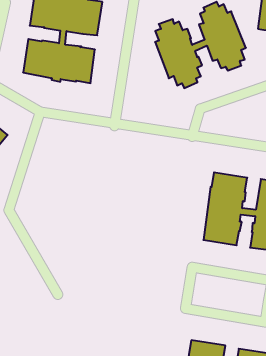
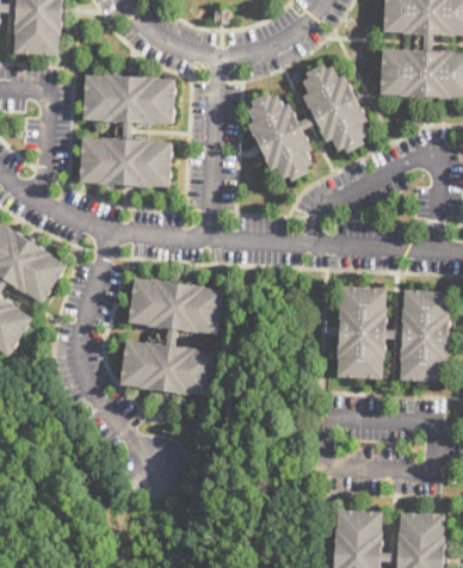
building: none -> [121,278,223,396]

